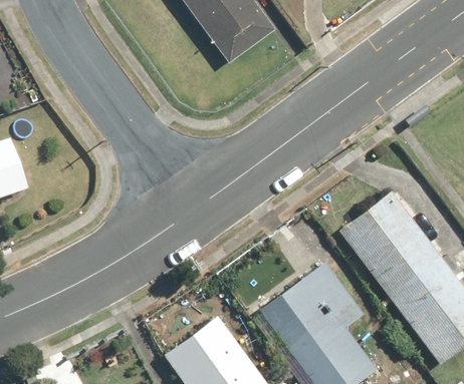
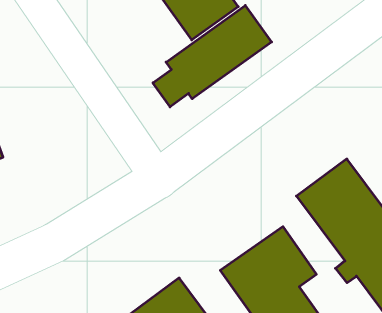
building: none -> [153,5,272,107]

